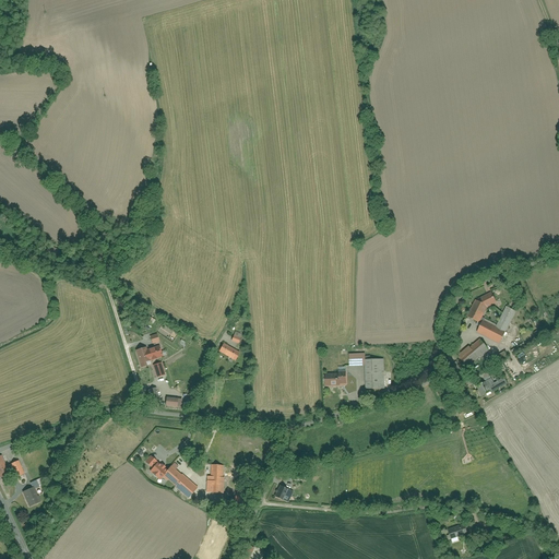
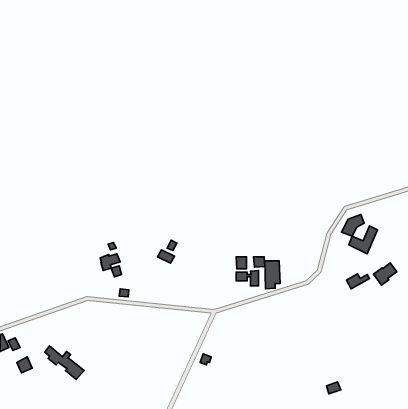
building: [455,336,487,367] -> [373,263,397,285]
building: [143,451,197,497] -> [45,346,84,379]
building: [204,462,223,490] -> none

